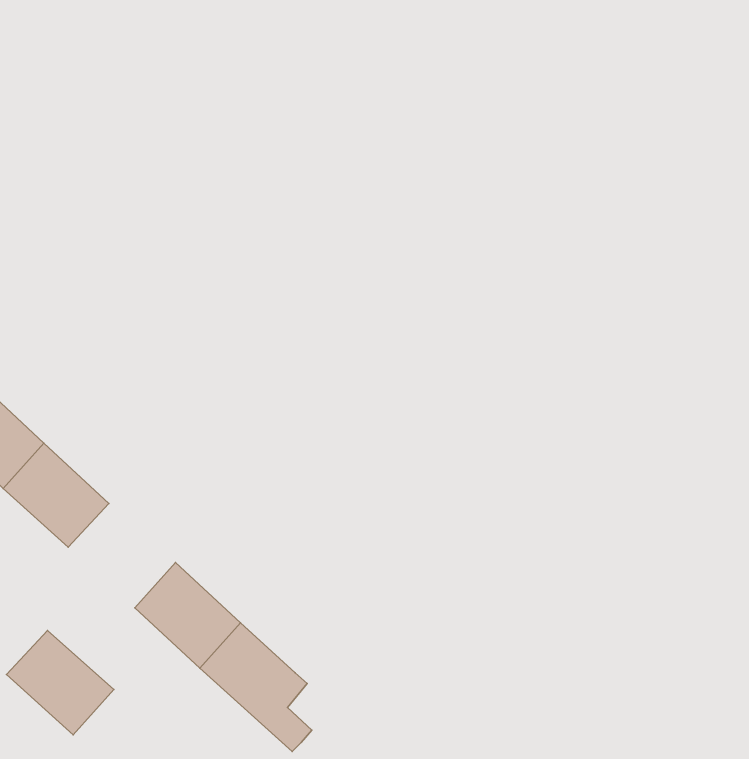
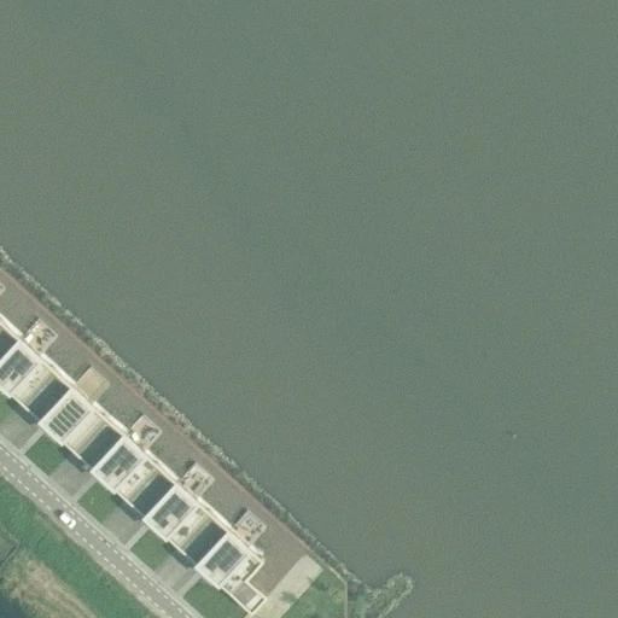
building: [7,631,114,735] -> [54,402,140,485]

